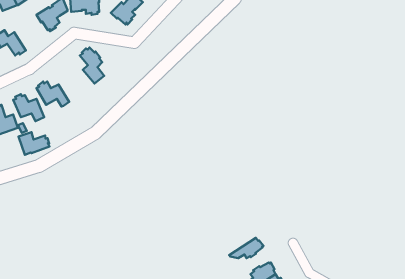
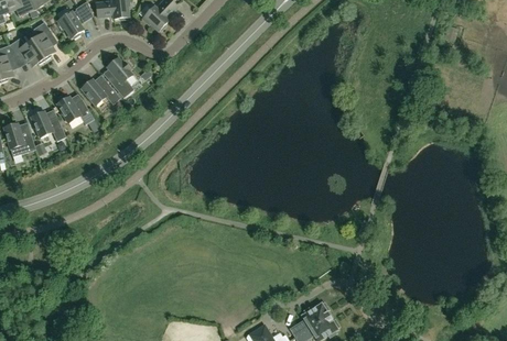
building: none -> [31,21,54,61]
building: none -> [80,78,120,104]
building: [19,132,49,155] -> none
building: [229,238,263,258] -> none

